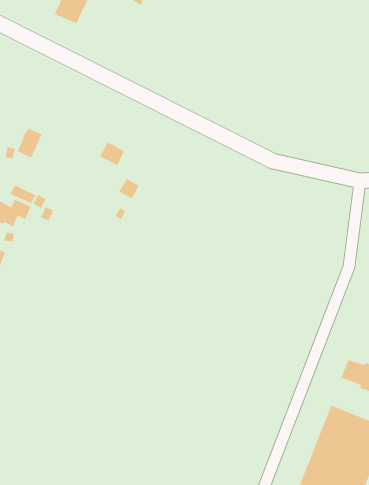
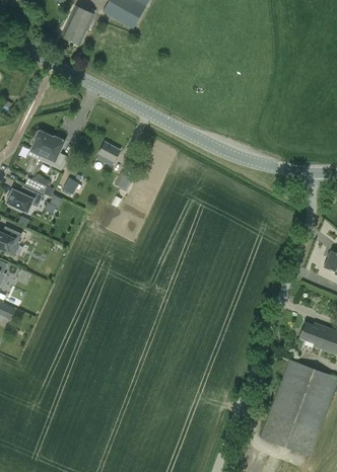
building: none -> [41,136,67,169]

